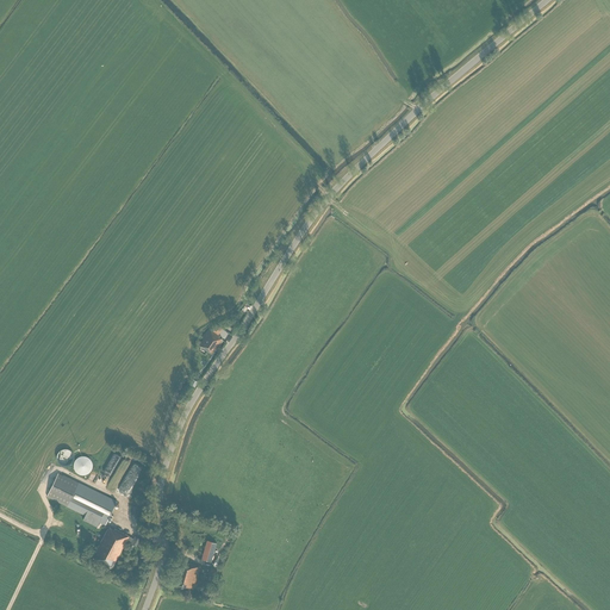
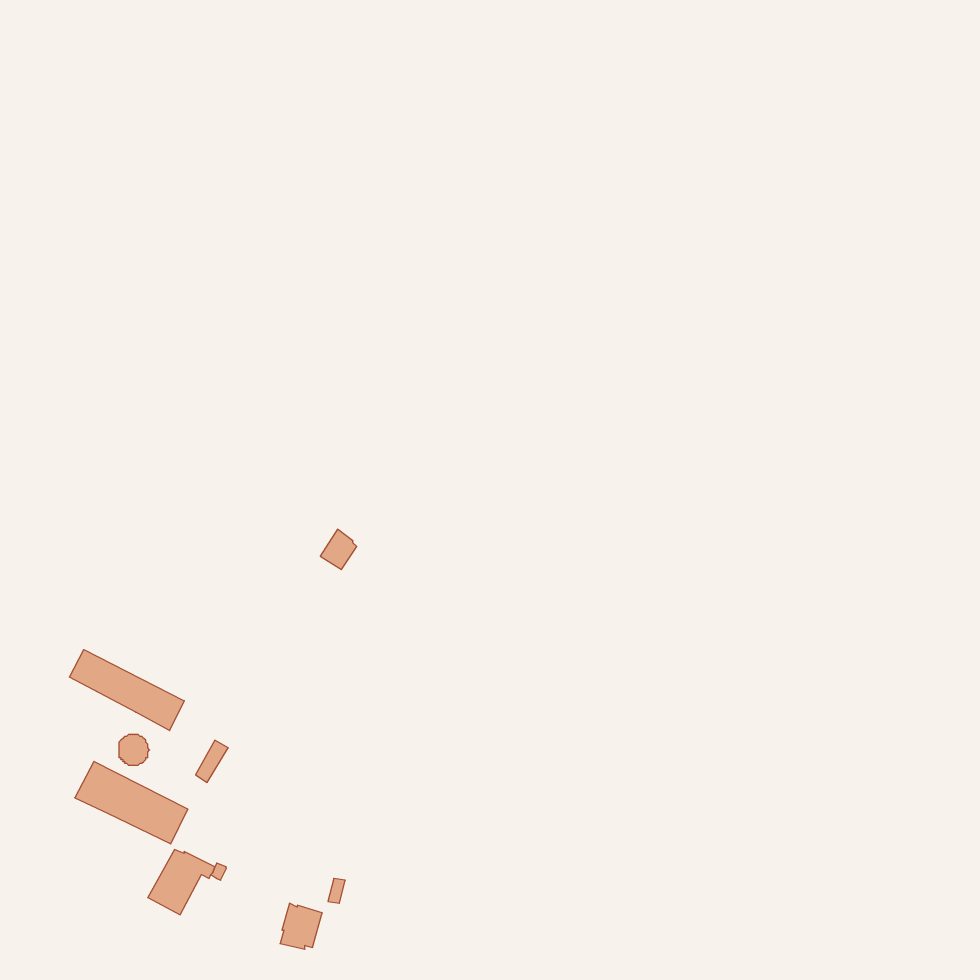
building: none -> [69,650,184,731]

